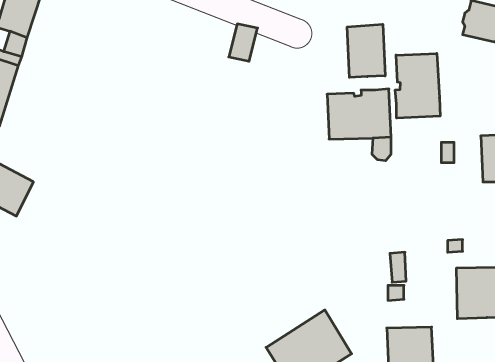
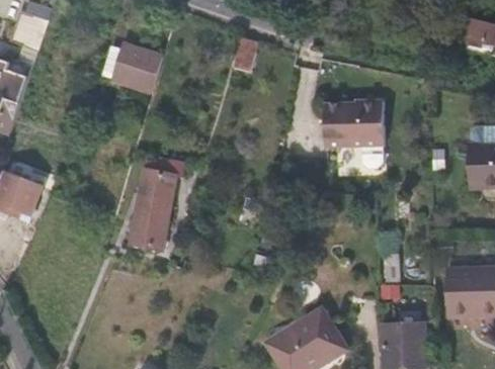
building: [347,24,385,77] -> none
building: none -> [99,44,160,103]
building: [395,53,440,118] -> none
building: none -> [129,158,183,248]

